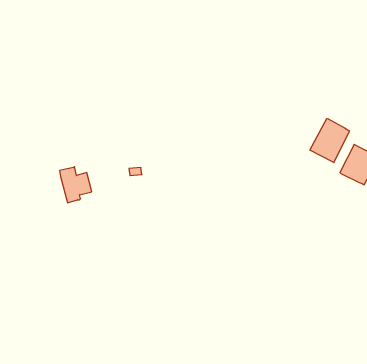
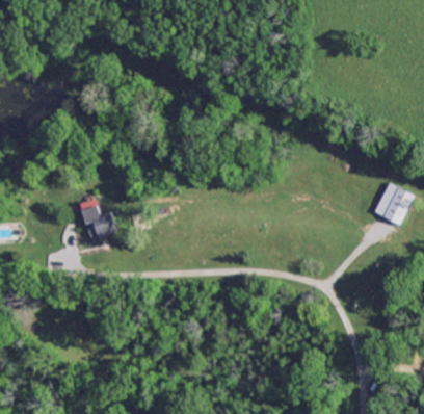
building: [310,119,349,163] -> none

